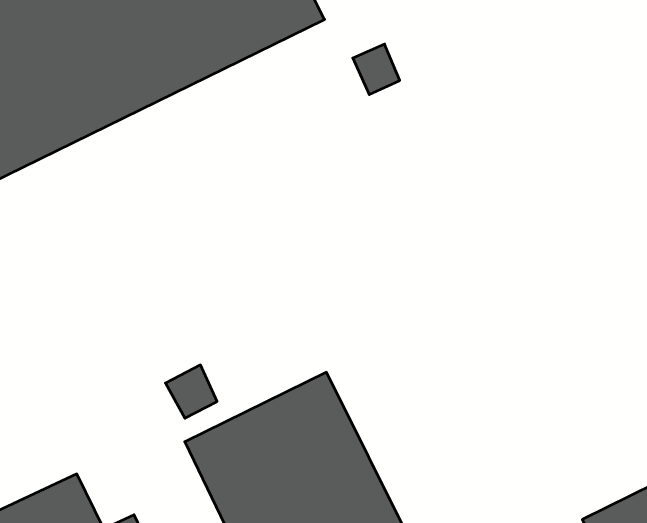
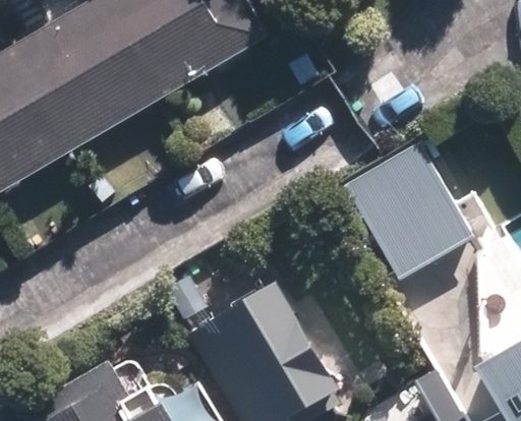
building: none -> [338,137,472,279]

